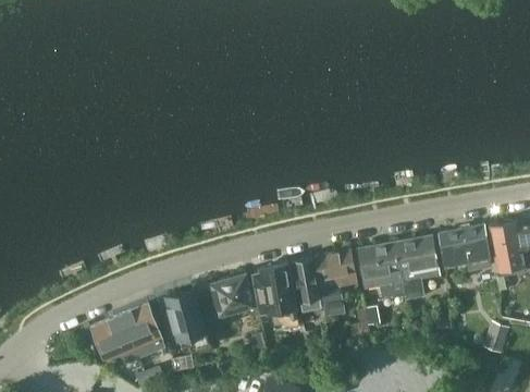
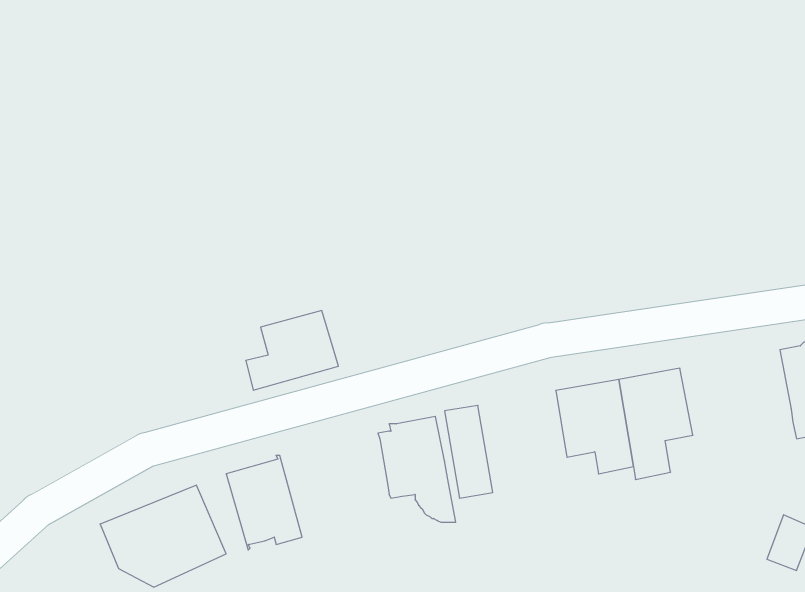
building: [439,224,490,270] -> none
building: [315,249,357,316] -> none
building: [201,272,256,319] -> [246,311,338,390]

